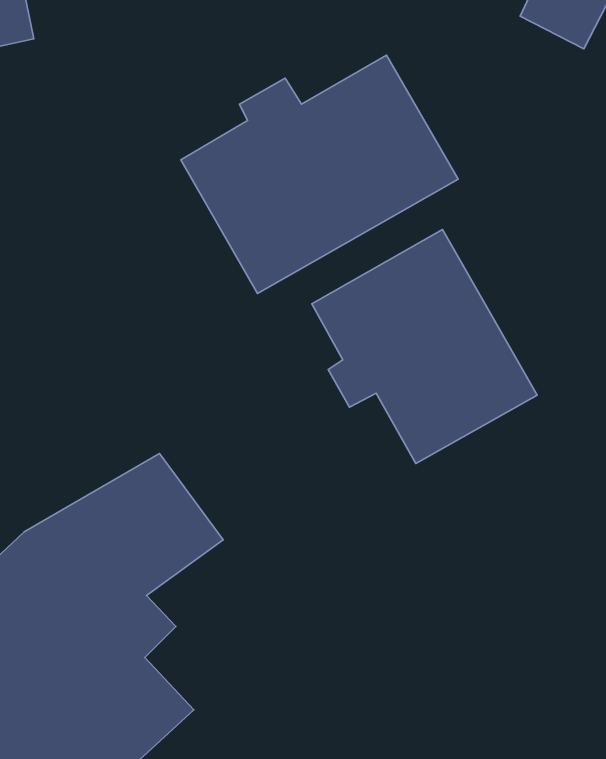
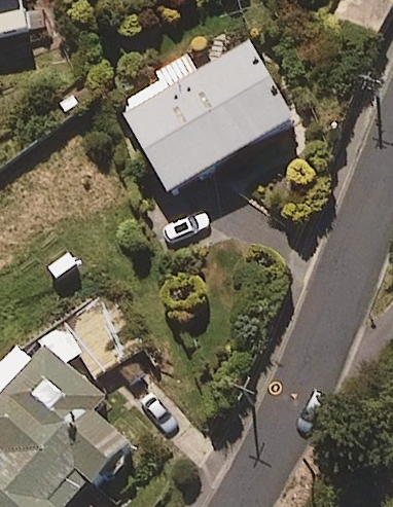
building: [312,230,537,464] -> none

